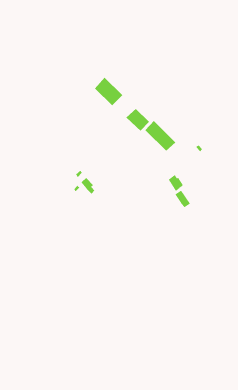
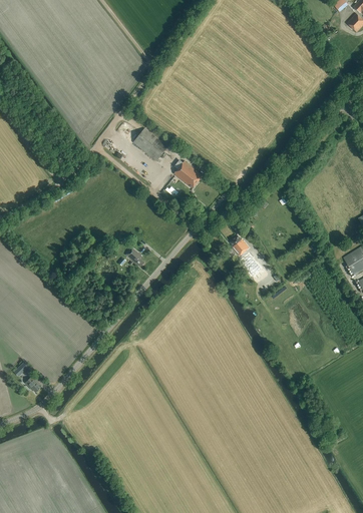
building: [144,120,176,151] -> none

